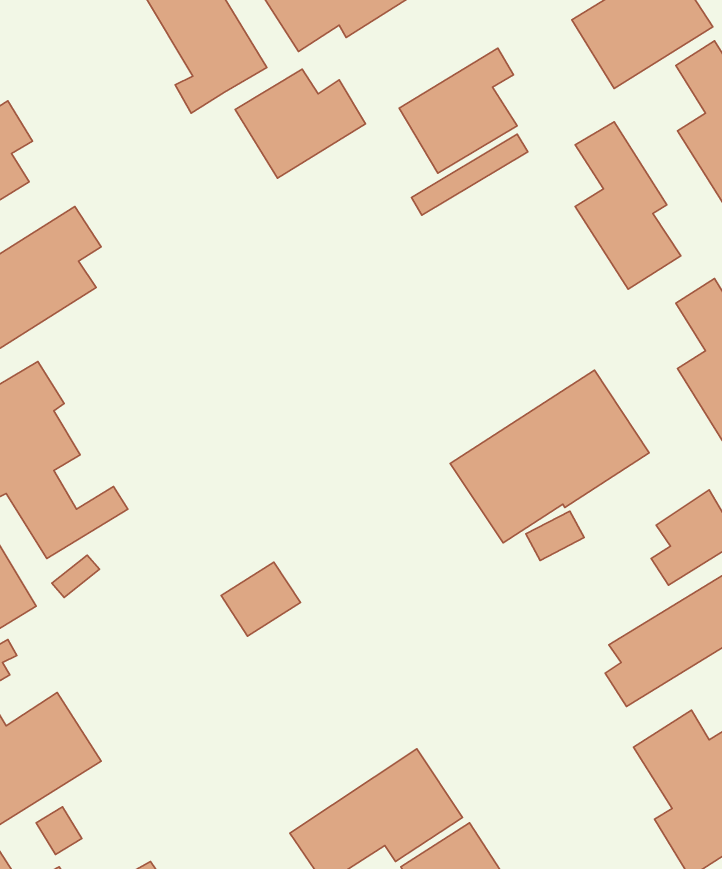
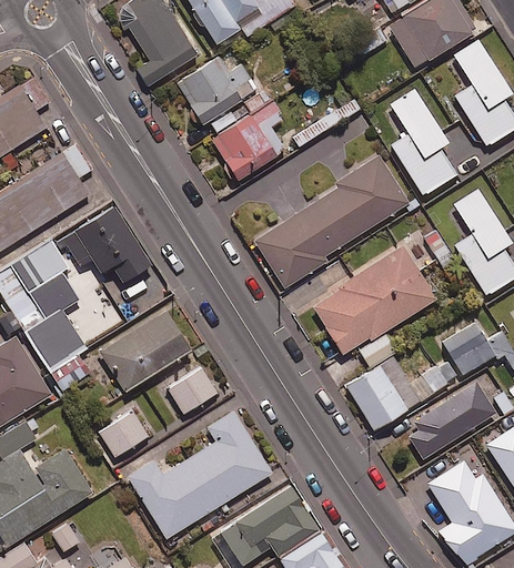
building: [399,48,517,173] -> [212,102,286,181]
building: none -> [254,156,410,288]
building: none -> [63,207,152,283]
building: none -> [99,310,191,392]
building: none -> [346,356,450,430]
building: none -> [99,410,149,457]
building: none -> [128,412,272,538]

